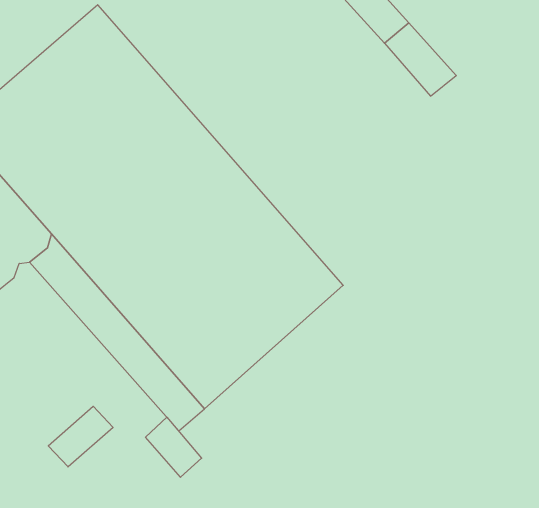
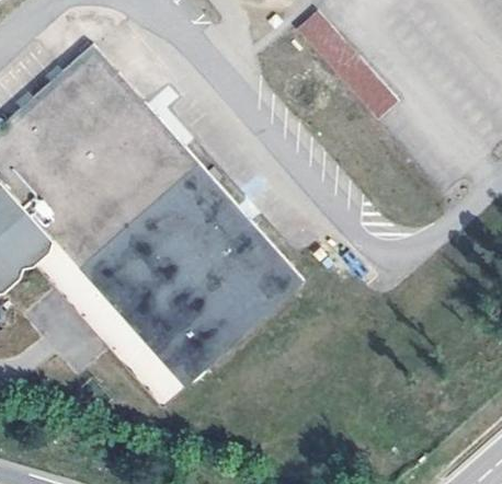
building: [48,406,113,467] -> none
building: [146,417,202,477] -> none

